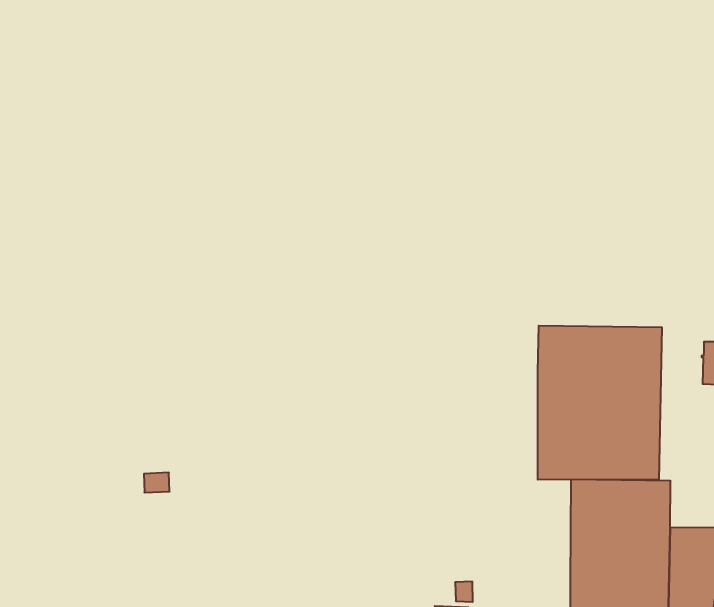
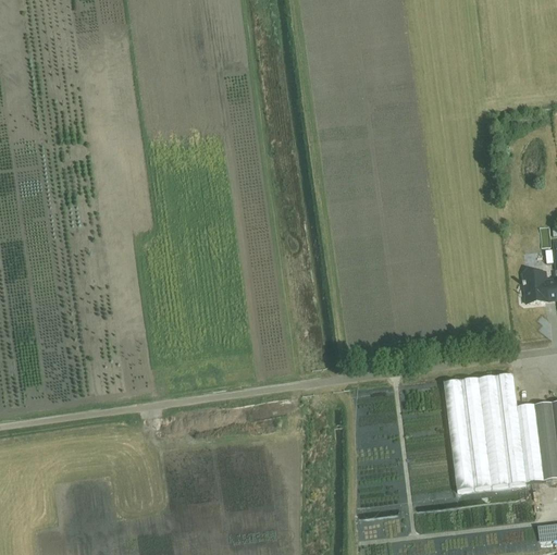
building: [538,326,662,480] -> none

